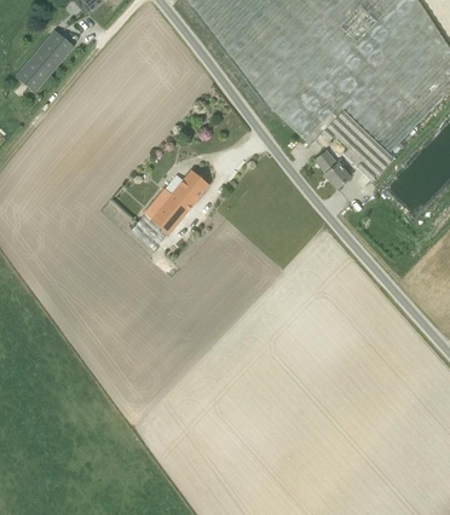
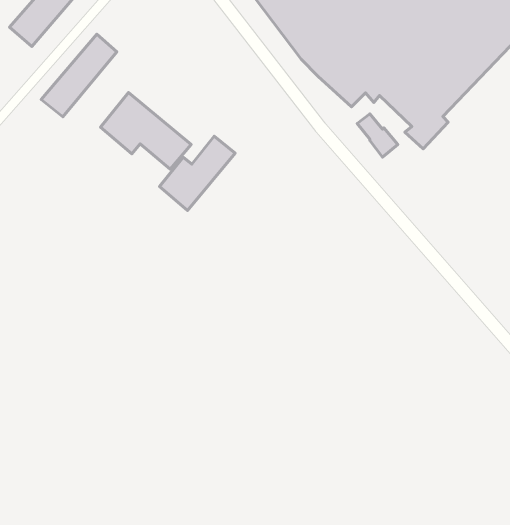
building: none -> [41,34,117,117]
building: none -> [100,92,191,169]

